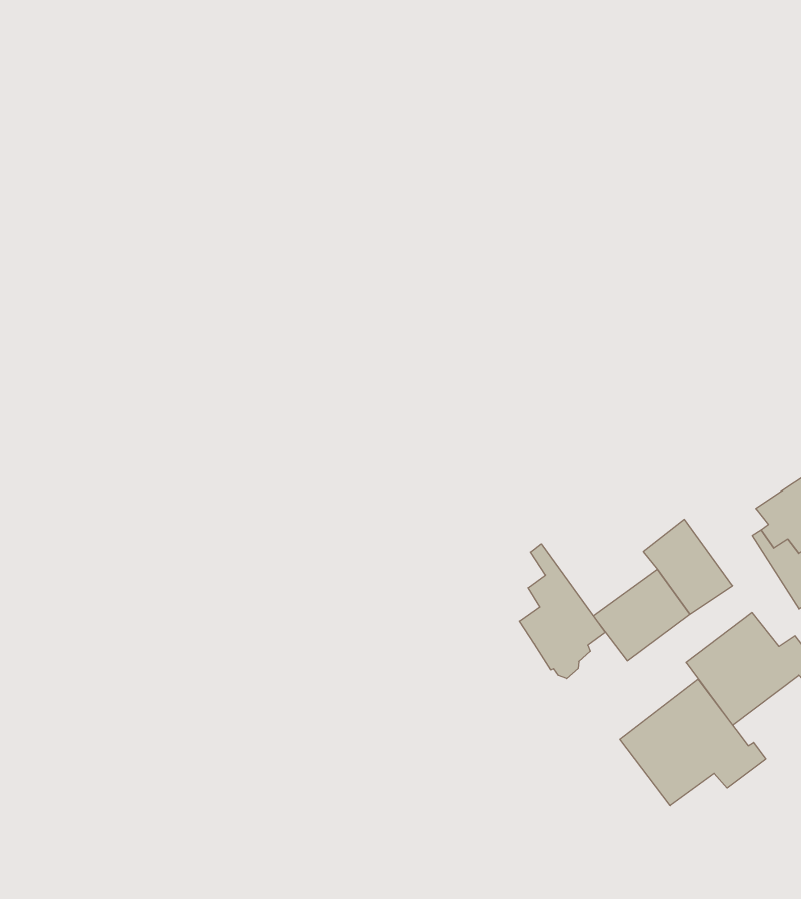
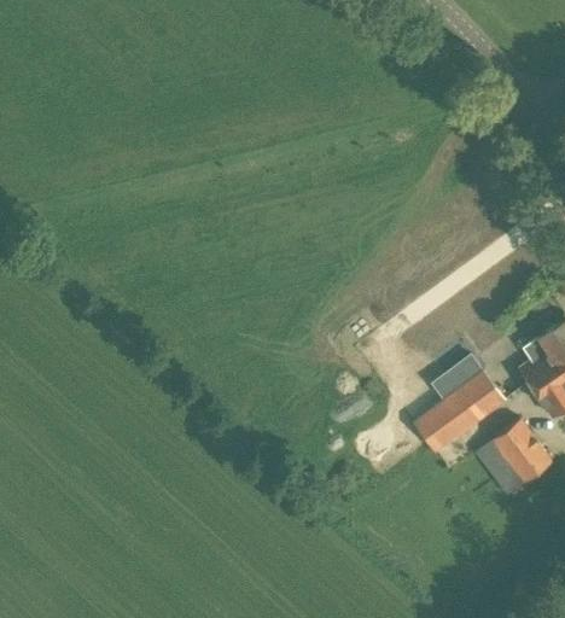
building: [519,544,605,679] -> none
building: [620,679,766,806] -> none

